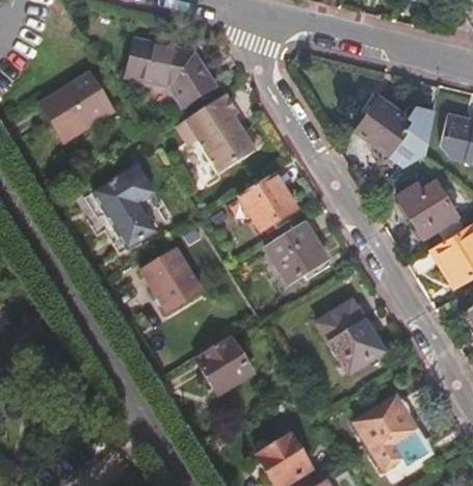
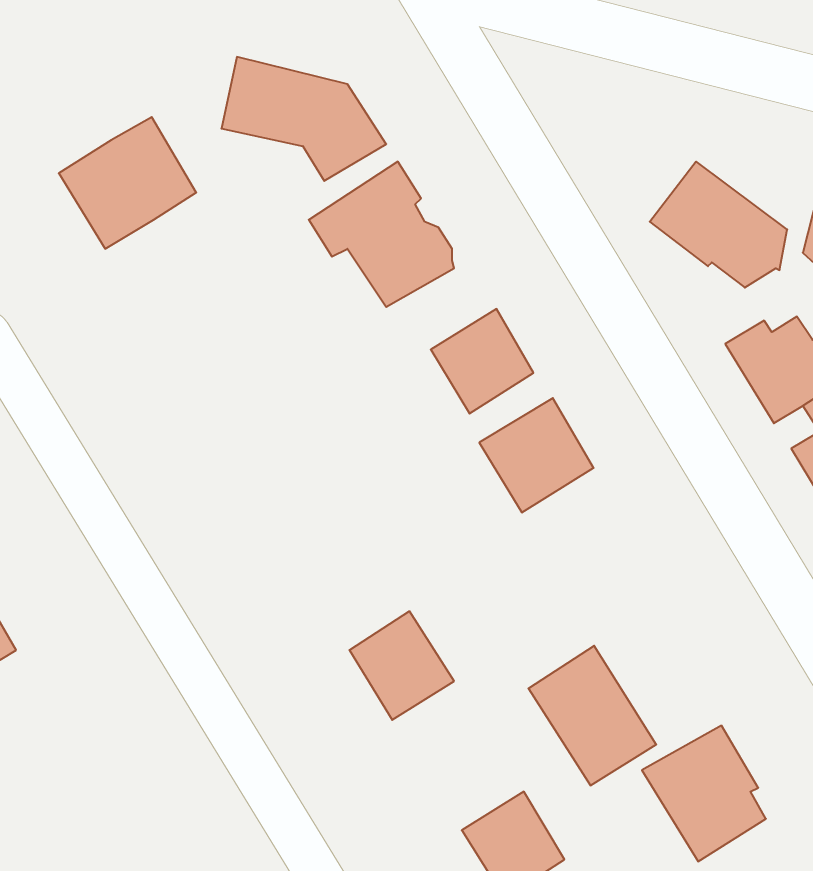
building: [93,165,156,248] -> none
building: [142,250,201,313] -> none
building: [316,300,385,375] -> [528,646,656,785]

